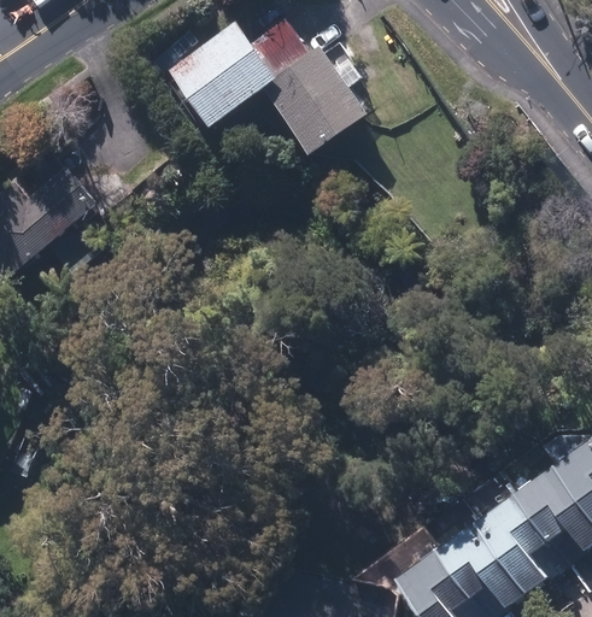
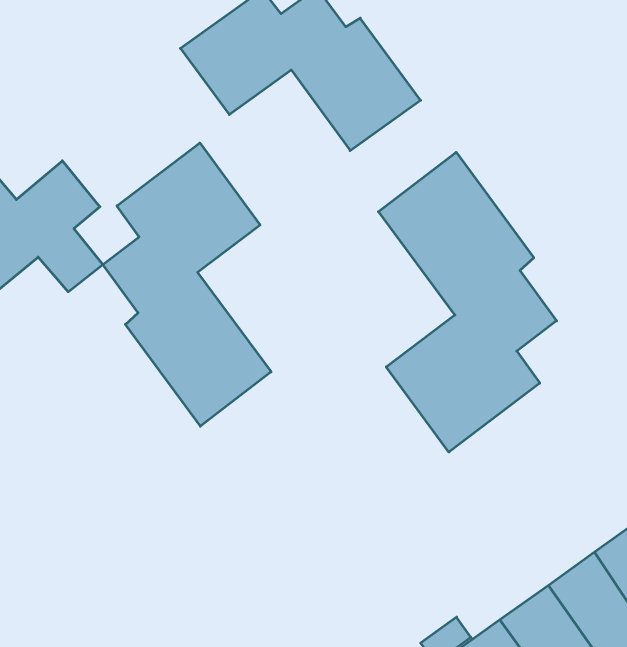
building: none -> [103,143,271,426]
building: none -> [378,152,557,452]

